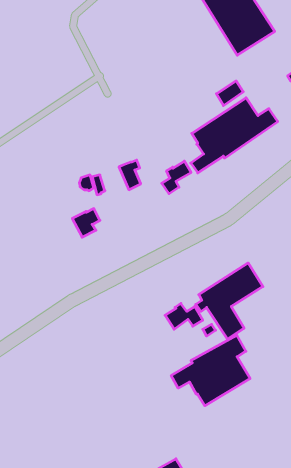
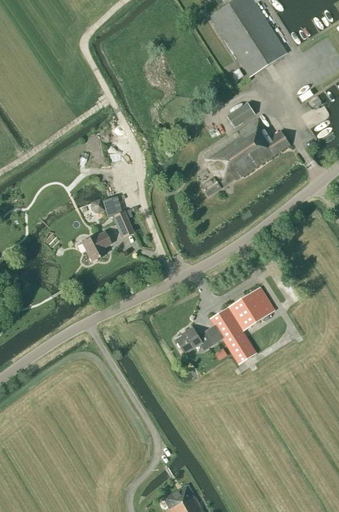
building: [119,160,141,190] -> [111,208,133,238]
building: [162,161,191,194] -> none
building: [171,335,250,406] -> none

